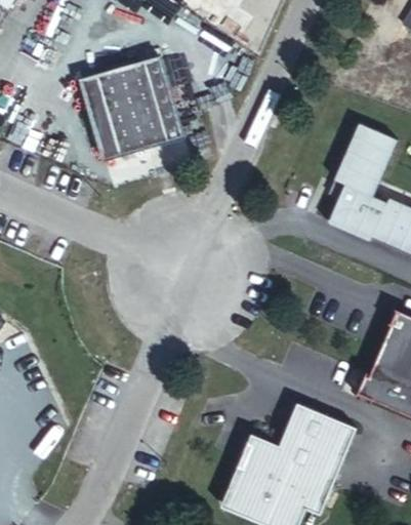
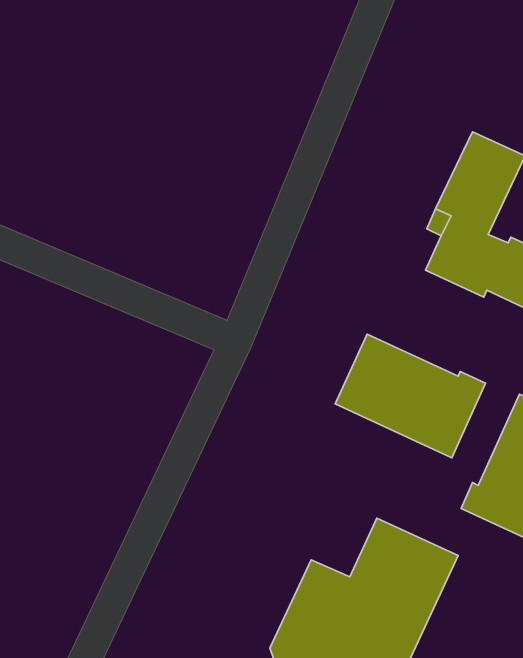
building: [82,55,186,158] -> none
building: none -> [335,334,486,458]

